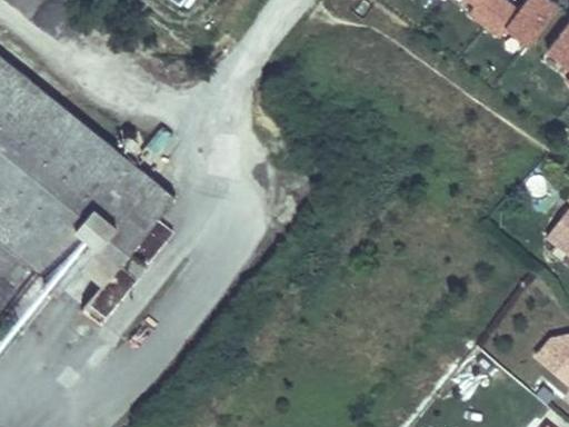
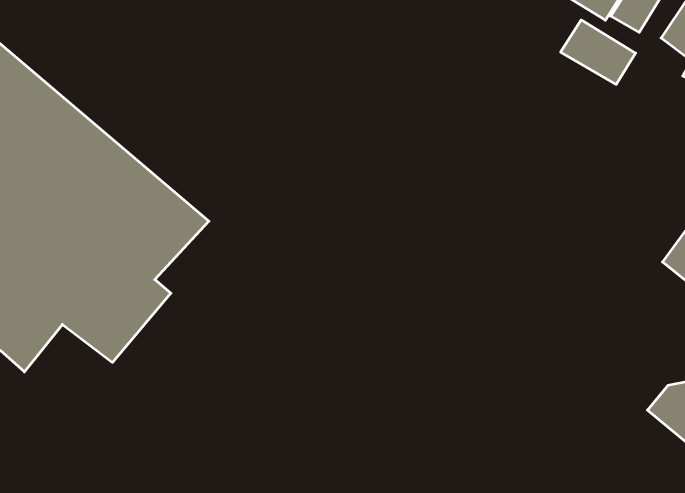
building: none -> [561,20,636,84]

